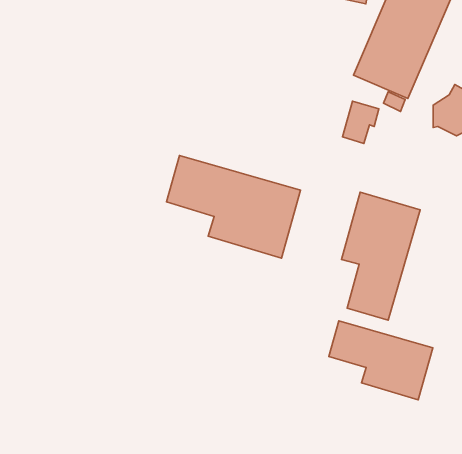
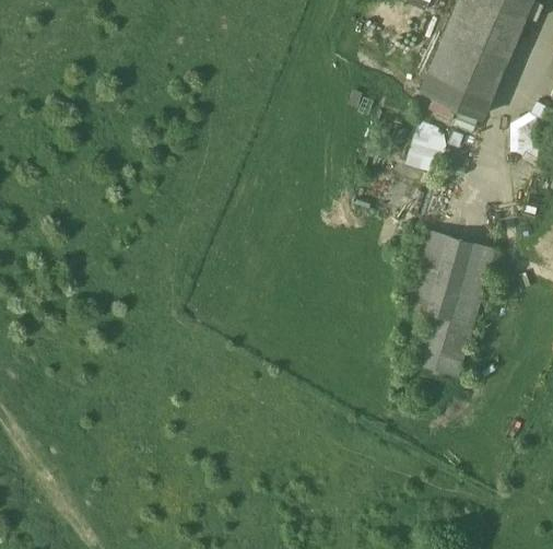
building: [166,155,301,258] -> none
building: [329,321,433,400] -> none

